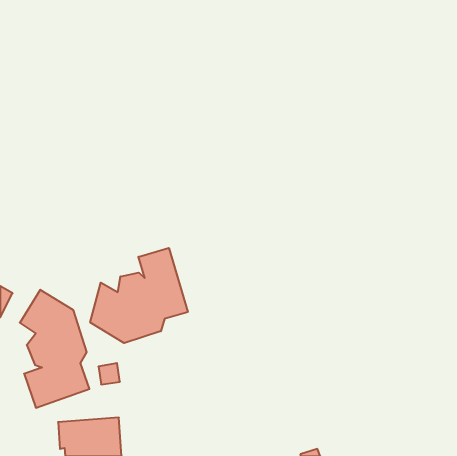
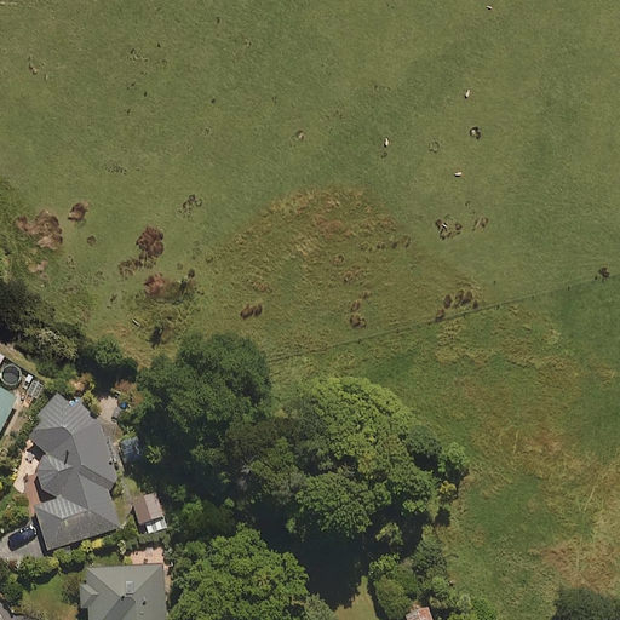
building: [90,248,188,343] -> none

